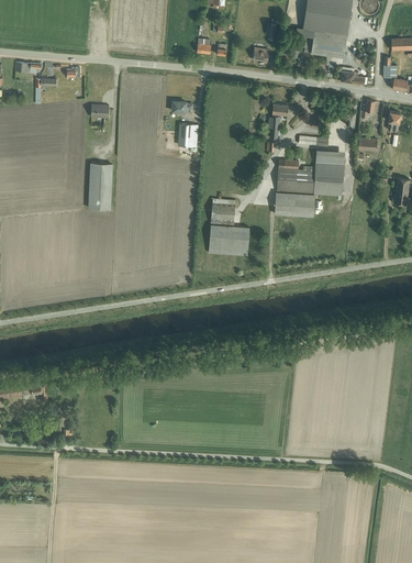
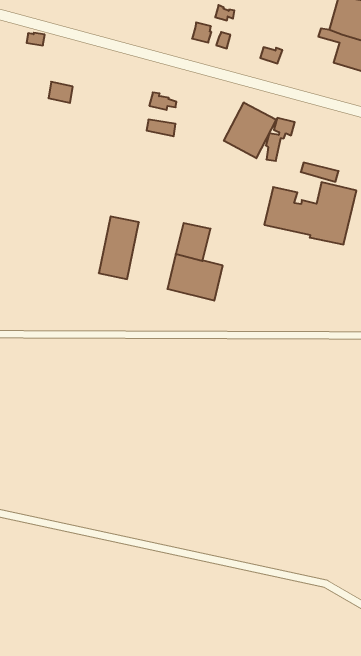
building: none -> [224,102,276,158]
building: [88,162,113,209] -> [99,216,139,279]
building: [275,191,315,216] -> none

